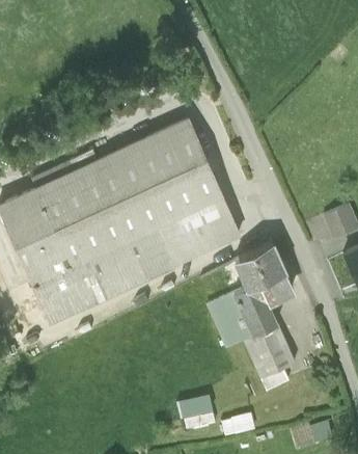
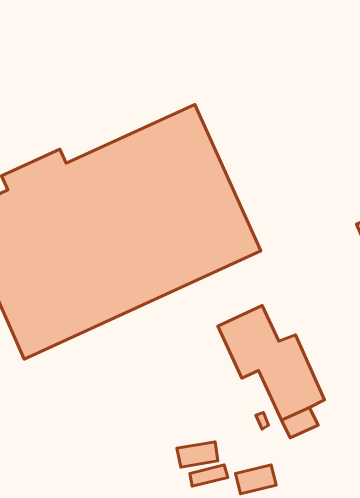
building: [233,242,297,312] -> none

